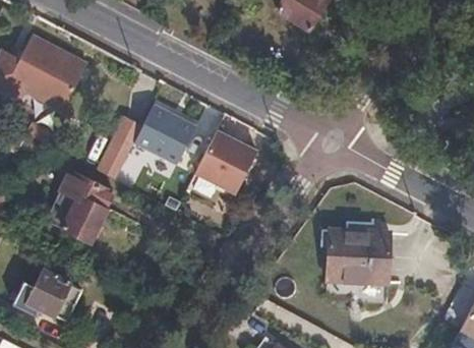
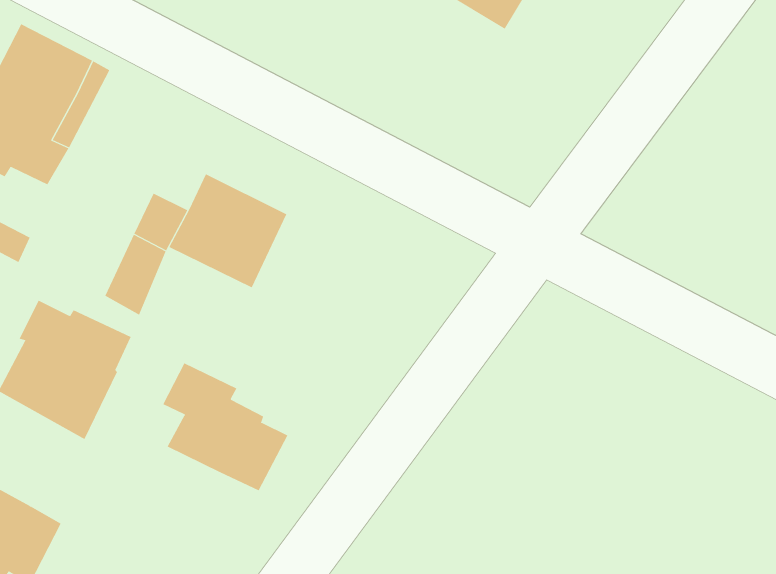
building: [197,131,258,191] -> none
building: none -> [162,363,288,491]
building: [325,229,391,283] -> none

